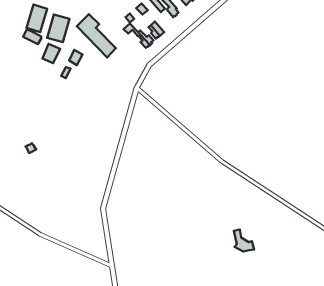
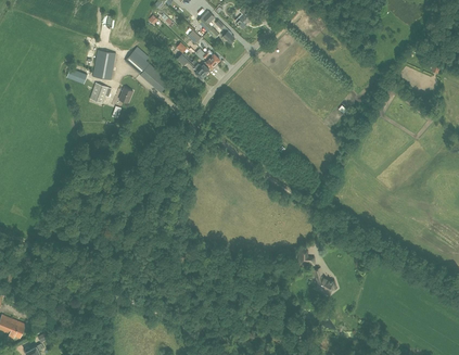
building: [27,4,47,32] -> none

